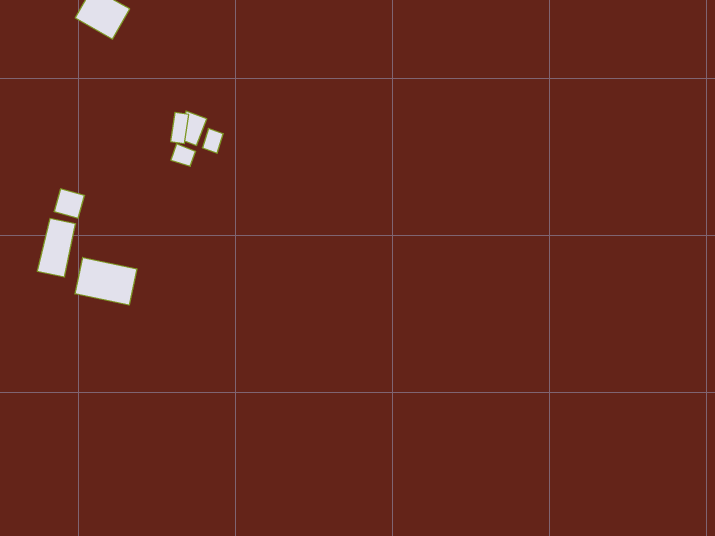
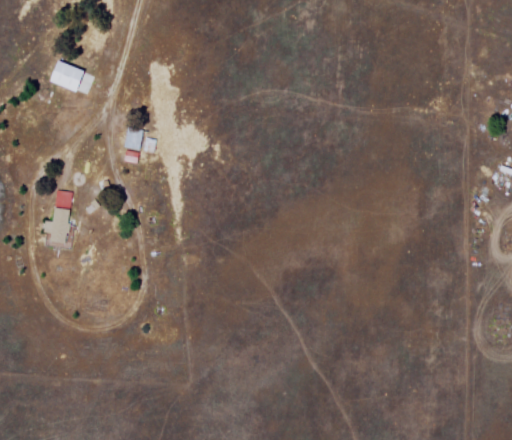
building: [75,257,137,305] -> none

